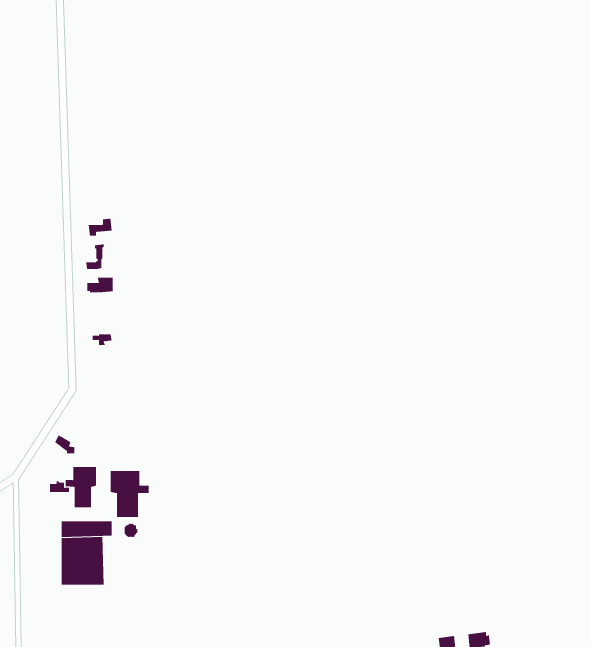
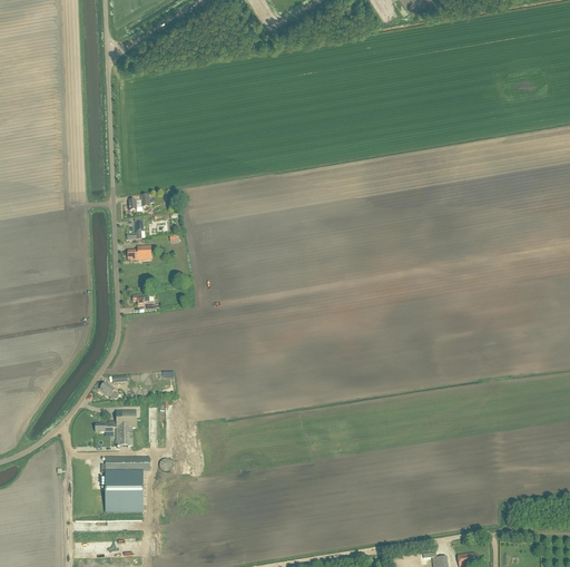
building: [110,470,149,518] -> none

